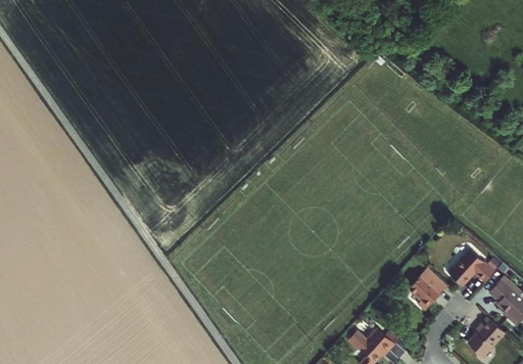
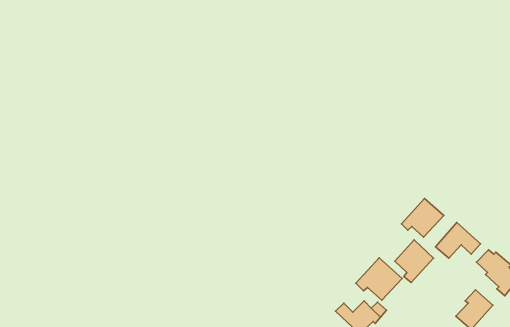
building: none -> [402,199,444,237]
building: none -> [356,258,402,300]

